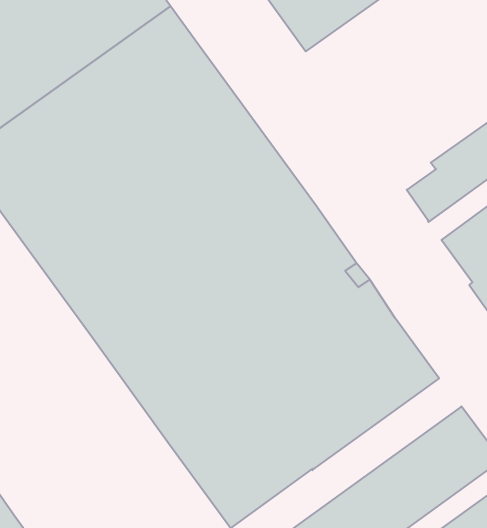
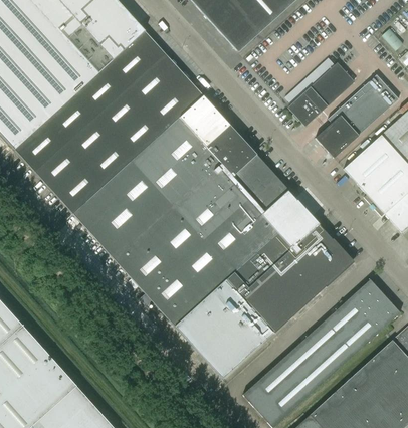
building: none -> [287,62,353,126]

